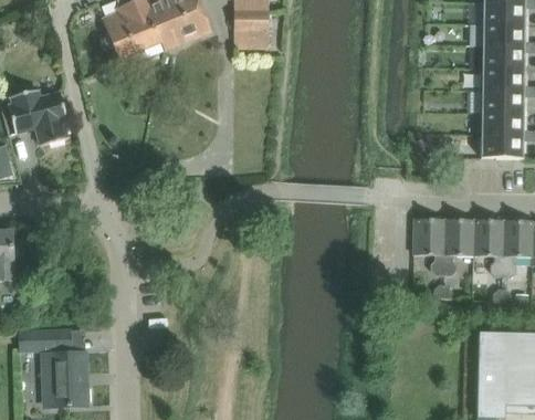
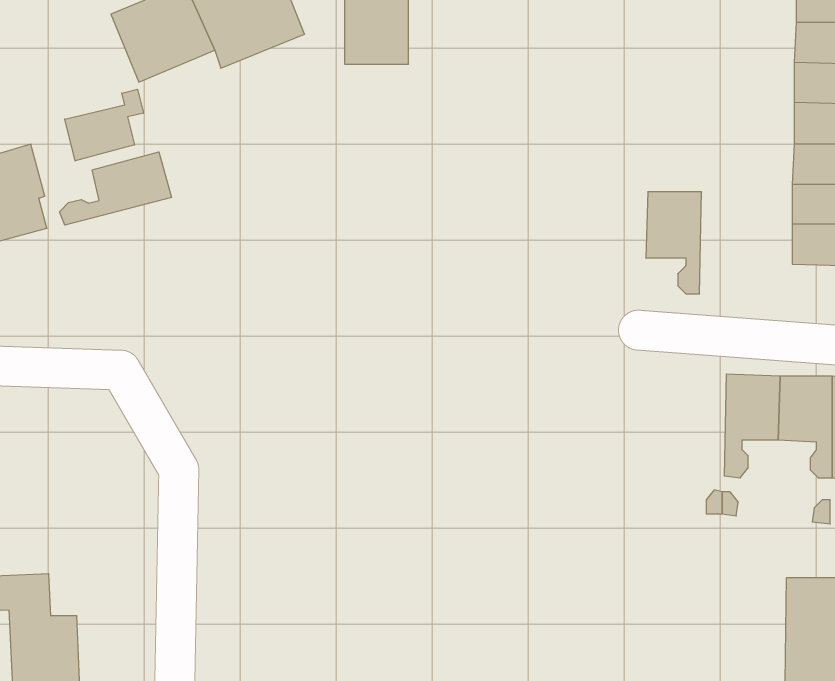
building: none -> [65,89,143,161]
building: none -> [59,152,171,225]
building: [413,219,444,275] -> [646,192,702,294]

